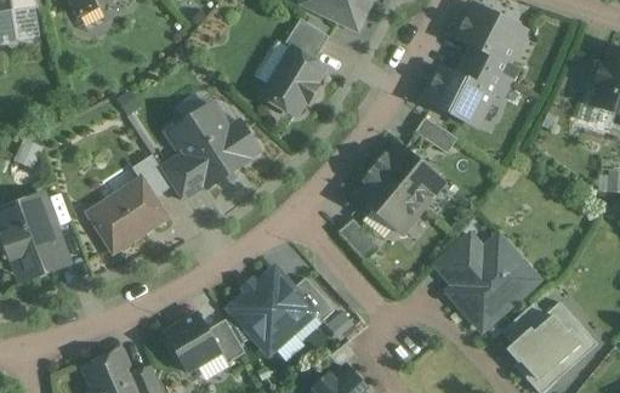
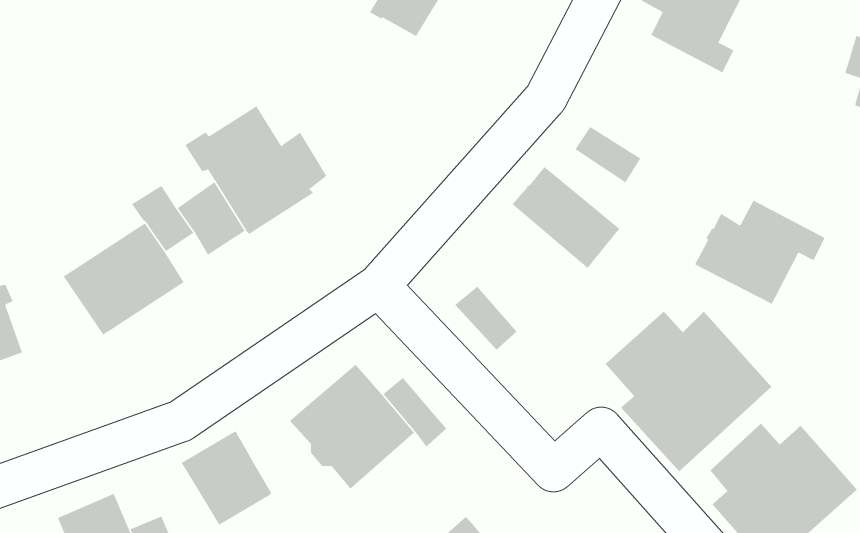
building: [263,47,324,114] -> none
building: [426,58,510,125] -> [694,200,825,305]
building: [354,166,423,232] -> none
building: [209,318,245,361] -> none

